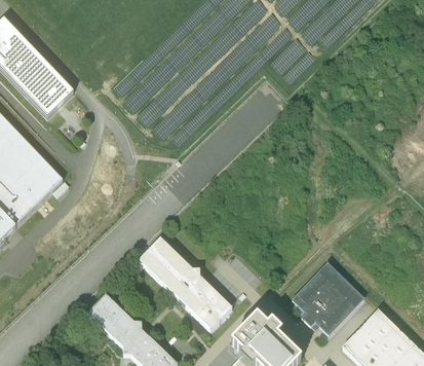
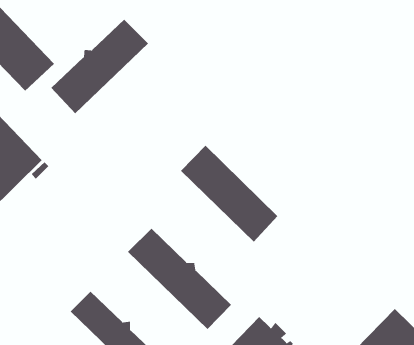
building: none -> [51,19,149,114]
building: none -> [180,145,278,242]
building: [292,262,363,334] -> none

